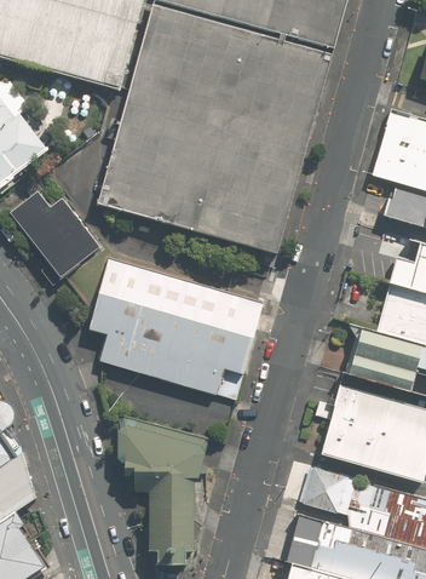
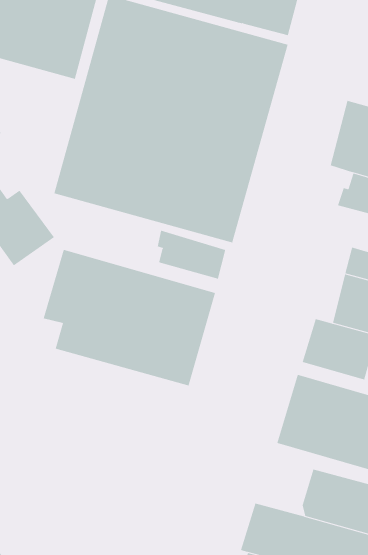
building: none -> [157,230,226,279]
building: [117,417,207,560] -> none
building: [305,466,357,515] -> none

